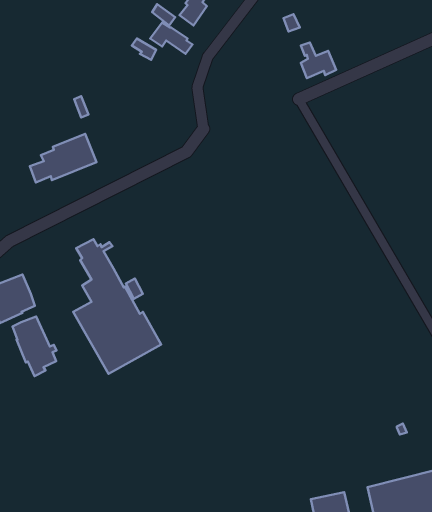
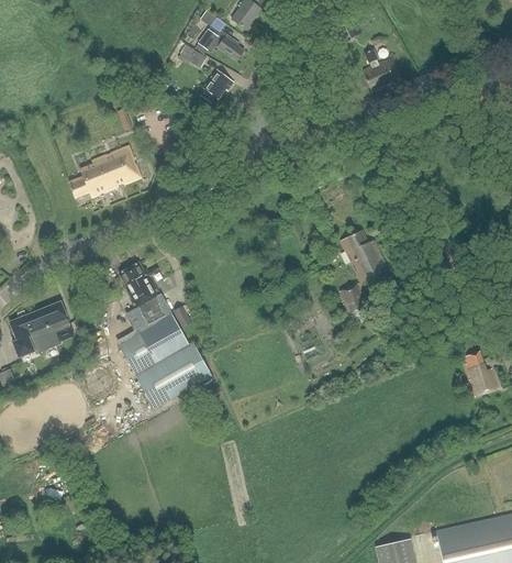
building: none -> [201,71,234,108]
building: none -> [338,230,390,316]
building: [12,316,56,376] -> none
building: none -> [463,351,497,395]

